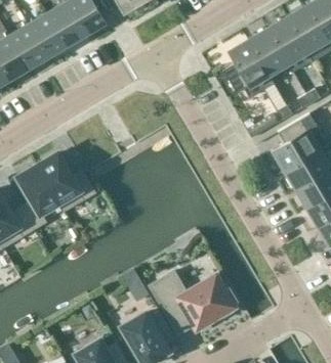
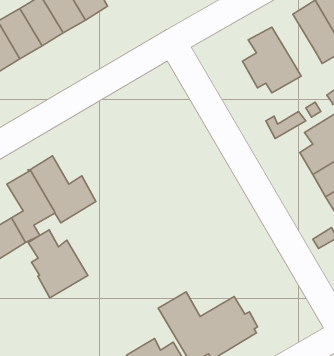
building: [248,30,287,75] -> none
building: none -> [28,230,88,298]

